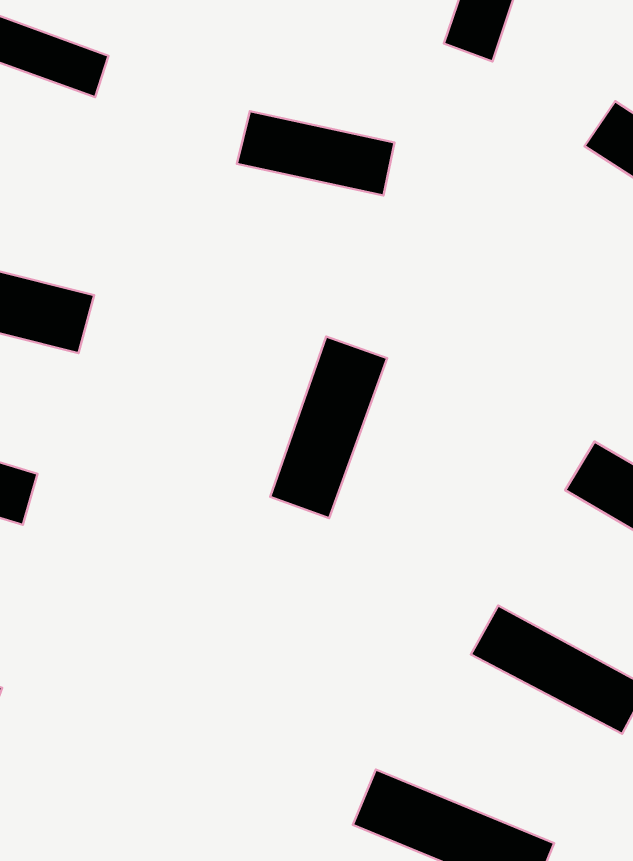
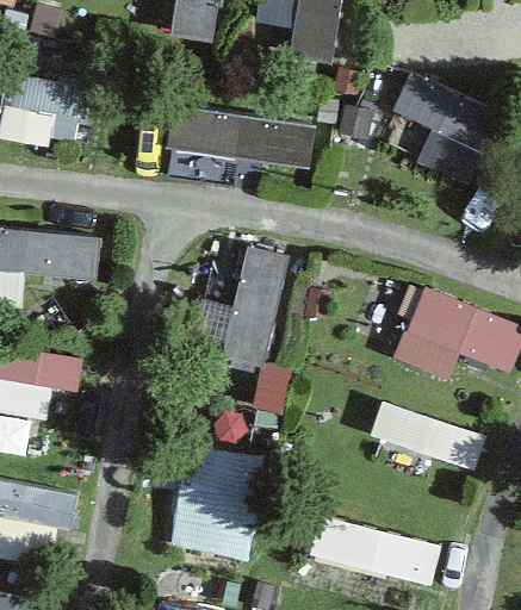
building: none -> [174,449,260,558]

